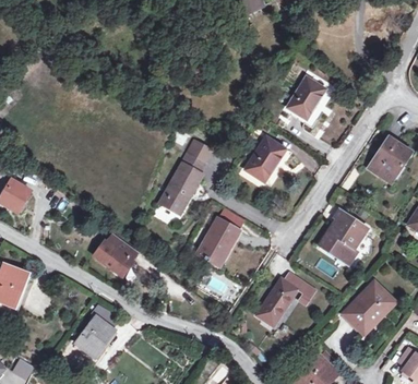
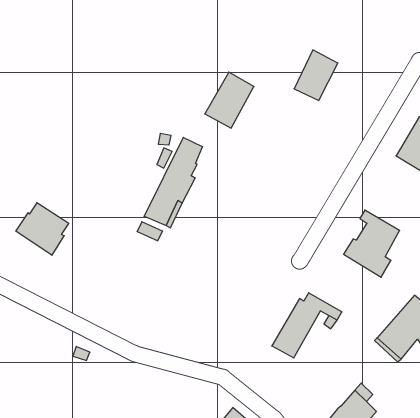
building: [243,136,285,182] -> [205,72,254,128]
building: [195,218,238,264] -> none
building: [92,232,135,276] -> [16,203,69,255]
building: [74,316,115,356] -> none

